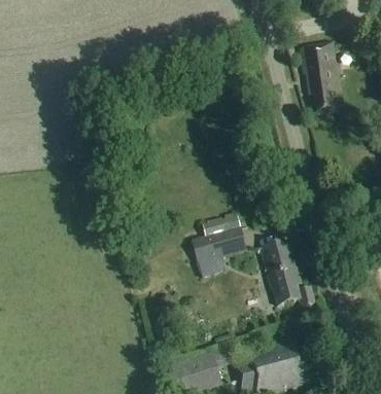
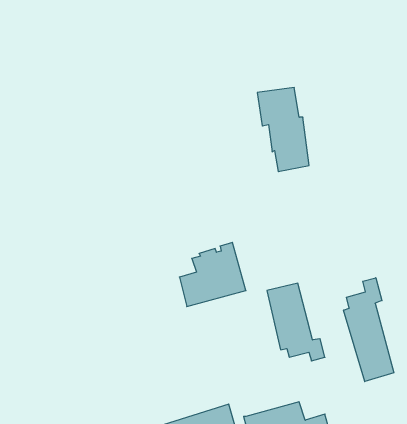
building: [300,43,343,113] -> [257,88,309,172]
building: none -> [344,278,394,382]

